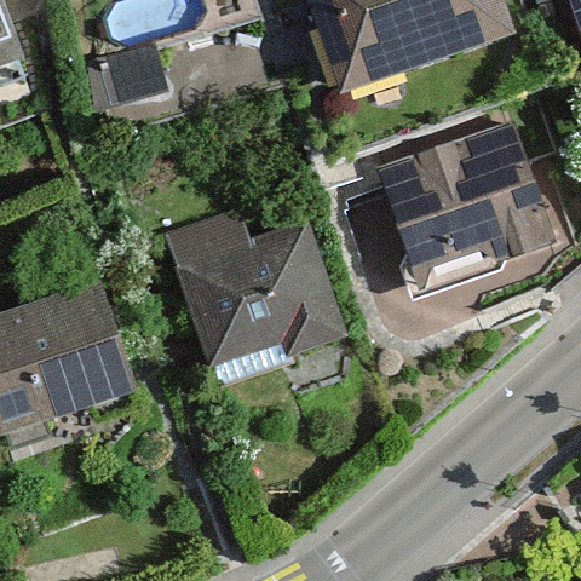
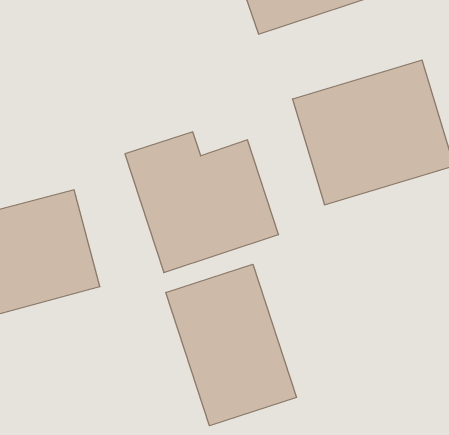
building: none -> [166,264,296,426]

